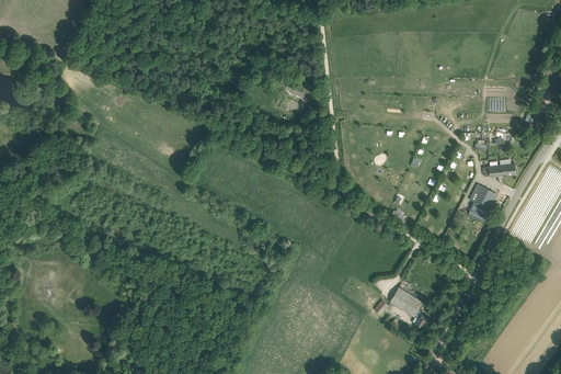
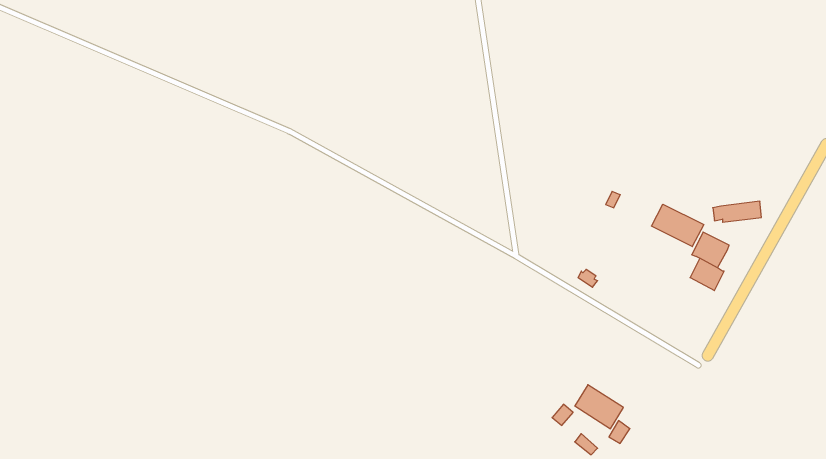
building: none -> [651,204,704,247]

